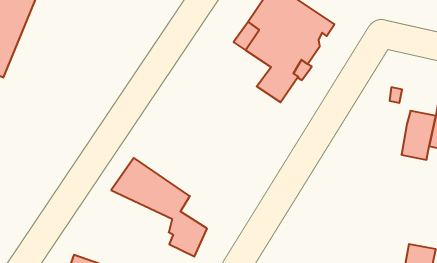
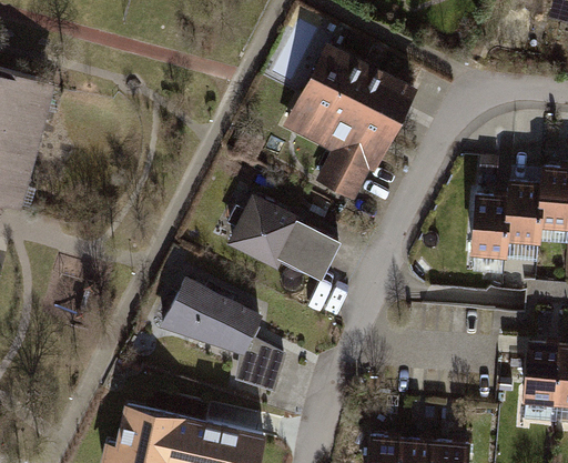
building: none -> [231,198,337,278]
building: none -> [471,197,508,254]

